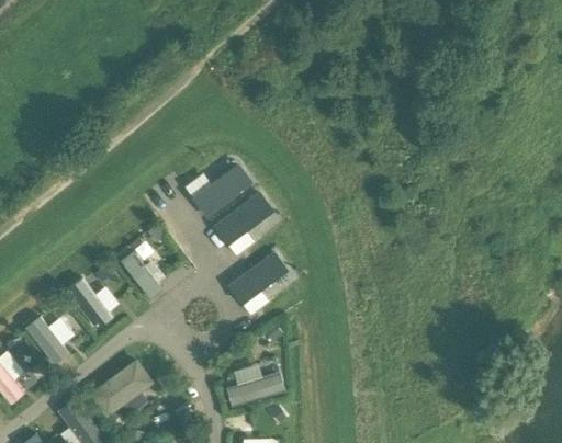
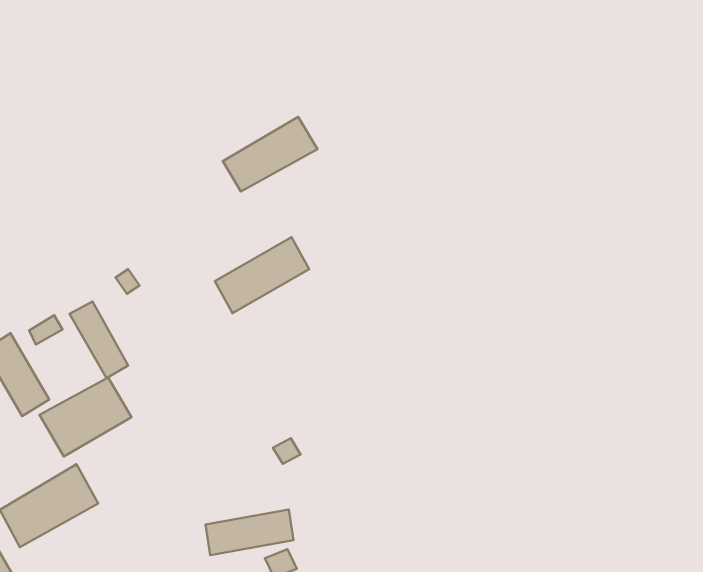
building: [192,163,254,217] -> [223,117,318,192]
building: [228,251,289,306] -> none
building: none -> [39,378,131,457]

